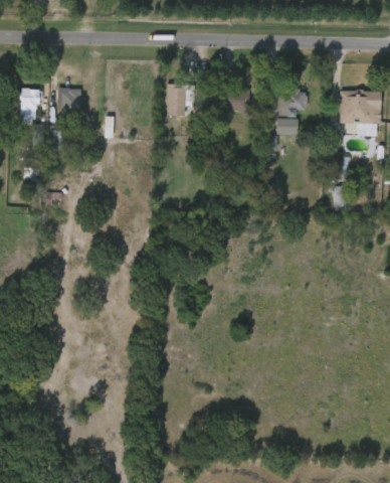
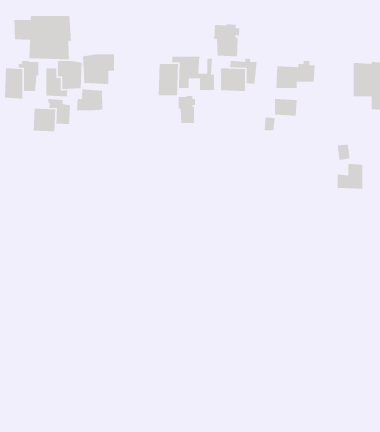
building: none -> [14,15,72,60]
building: none -> [214,24,240,57]
building: none -> [82,54,115,85]
building: none -> [76,89,103,111]
building: none -> [178,95,196,124]

